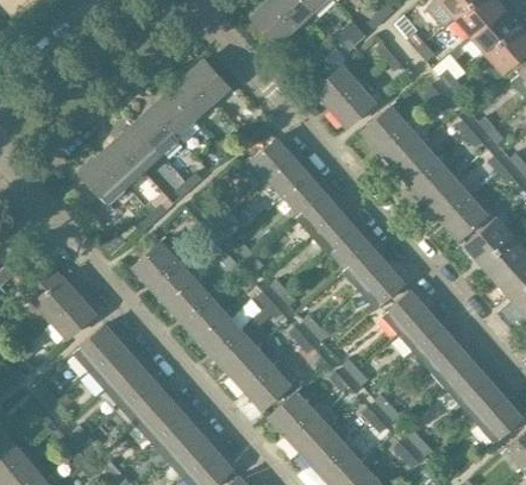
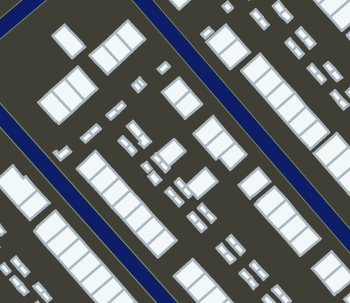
building: [134,108,180,155] -> [53,25,85,58]
building: [284,176,324,214] -> [157,139,185,166]
building: [343,246,387,289] -> [186,168,217,199]
building: [445,364,489,405] -> none
building: [246,366,289,409] -> none

